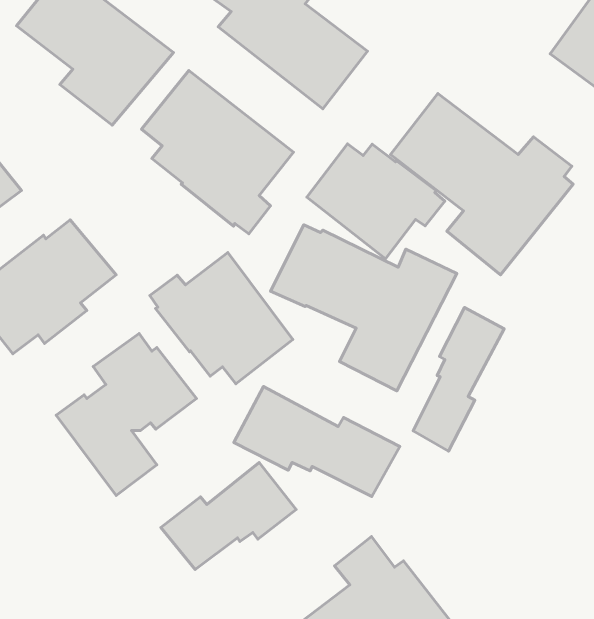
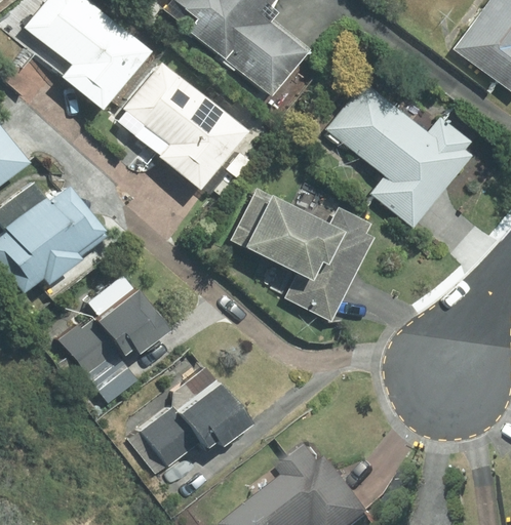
building: [307,144,445,259] -> none
building: [150,253,293,384] -> none
building: [413,307,504,451] -> none
building: [234,386,400,496] -> none

